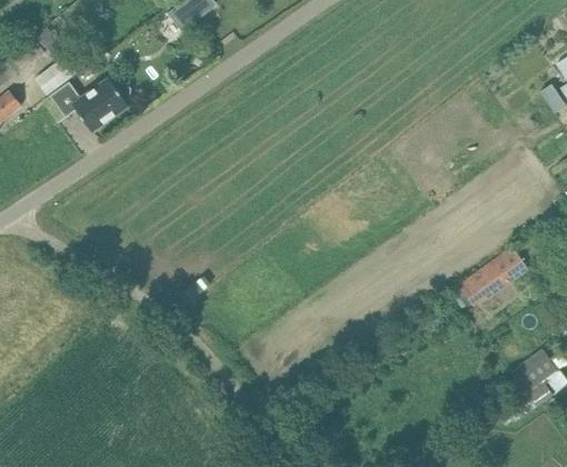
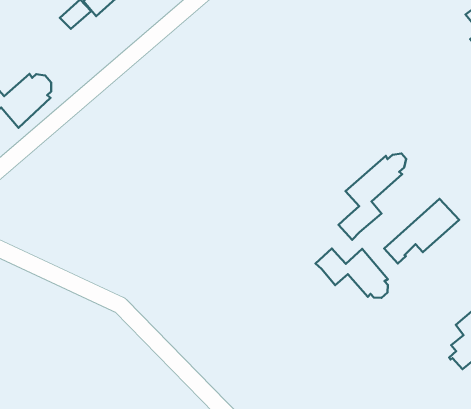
building: none -> [338,154,406,240]
building: none -> [316,249,388,298]

